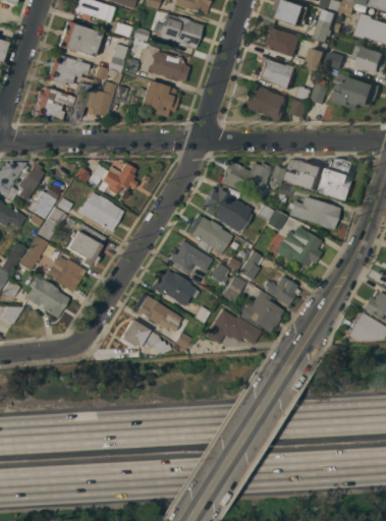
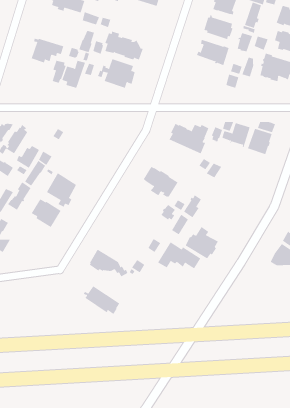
building: [160,13,203,48] -> none
building: [59,21,101,57] -> none
building: [244,84,288,120] -> none
building: [37,86,75,119] -> none
building: [89,162,137,194] -> none
building: [280,183,341,229] -> none
building: [204,188,253,231] -> none
building: [78,191,124,231] -> none
building: [276,225,323,267] -> none
building: [171,240,213,271] -> none
building: [153,270,199,305] -> none
building: [26,276,70,317] -> none
building: [264,276,300,305] -> none
building: [135,295,182,332] -> [83,286,120,315]

